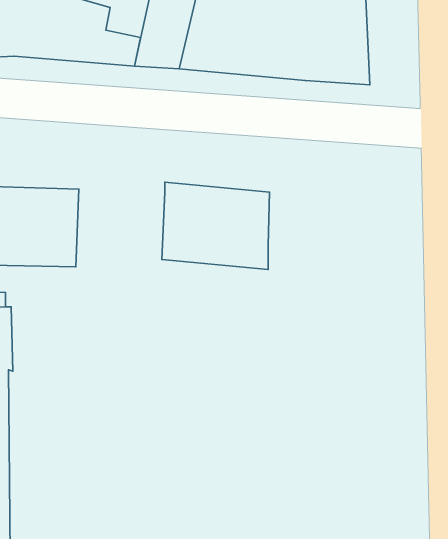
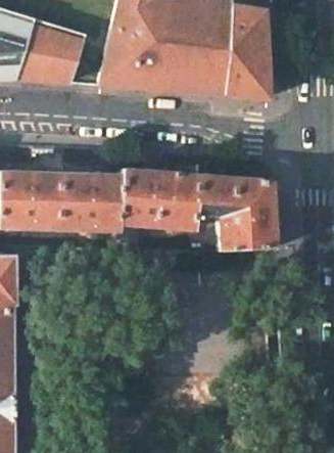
building: none -> [60,173,124,230]
building: none -> [197,175,277,252]

